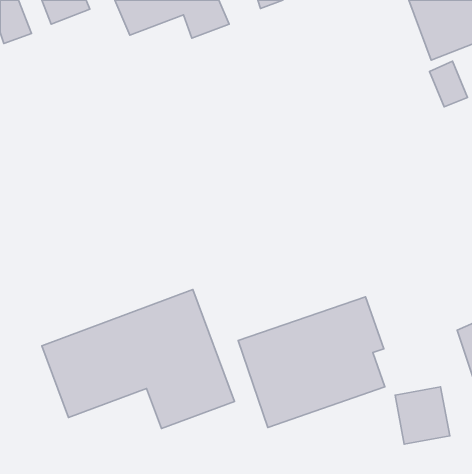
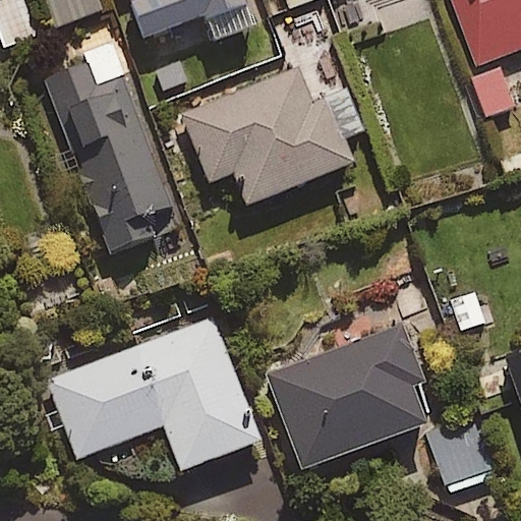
building: none -> [47,51,178,253]
building: none -> [180,66,361,205]

